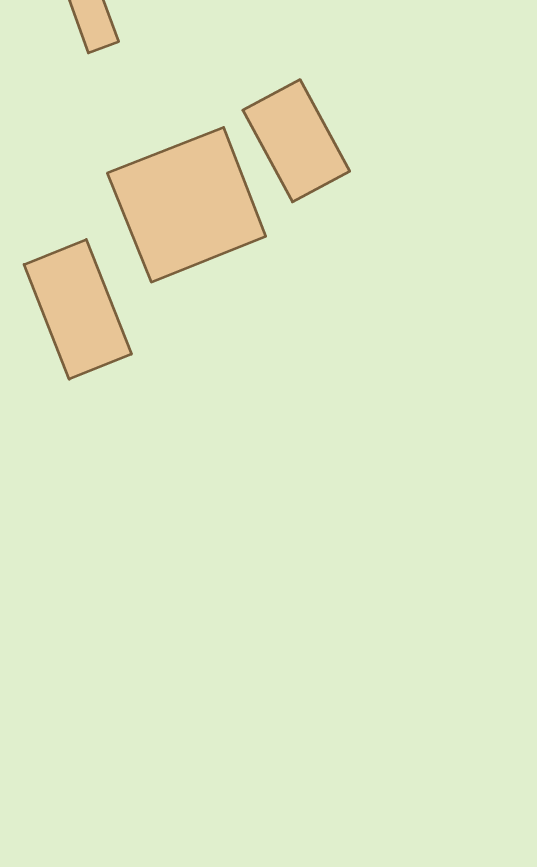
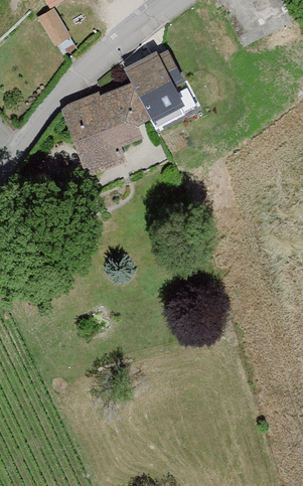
building: [24,239,131,379] -> none

